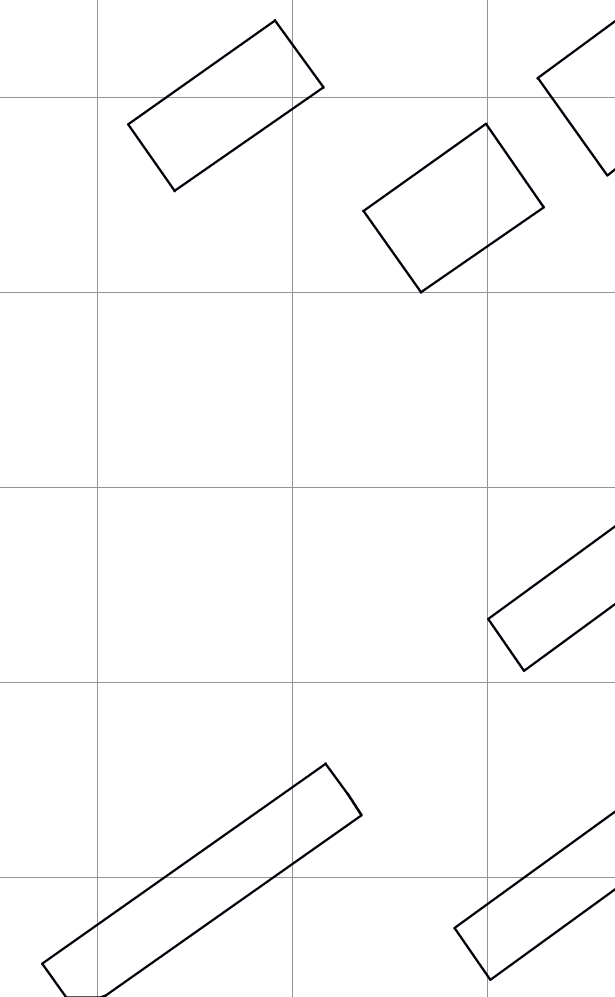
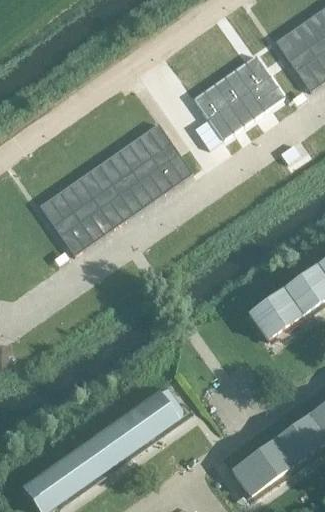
building: [128,20,323,191] -> none
building: none -> [39,122,193,254]

